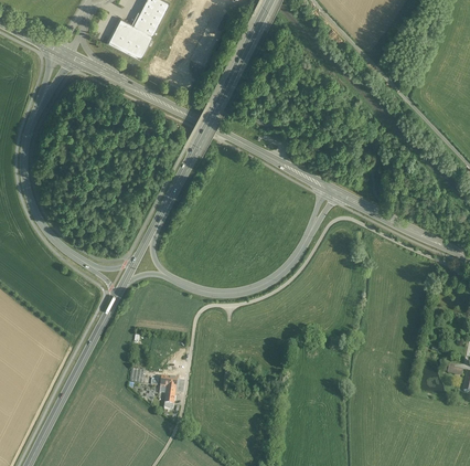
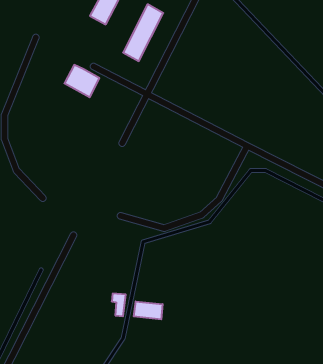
building: [107,18,151,59] -> [64,65,99,97]
building: none -> [134,301,163,319]

